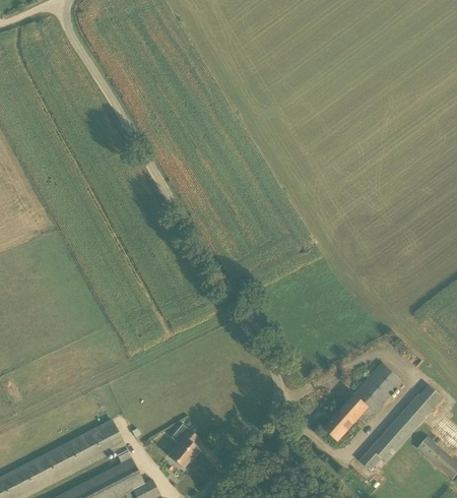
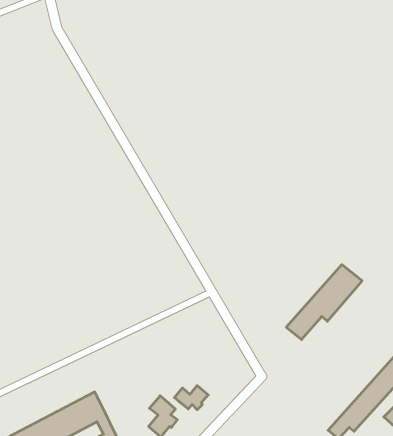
building: [322,361,402,440] -> [286,265,362,340]
building: none -> [174,386,208,410]

